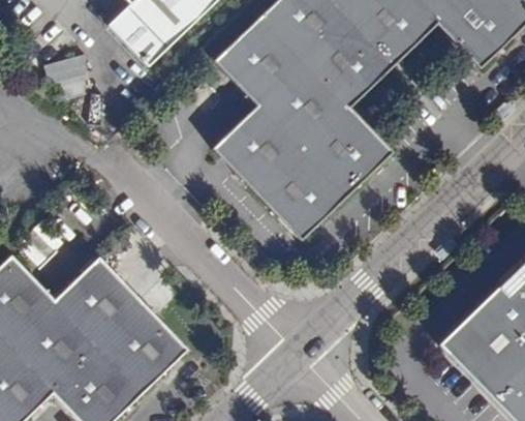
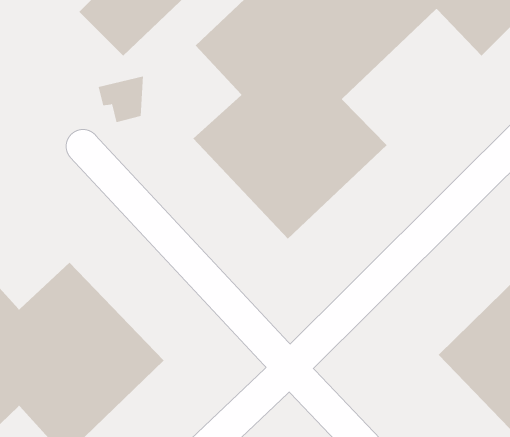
building: [43,56,86,99] -> [98,76,144,123]

